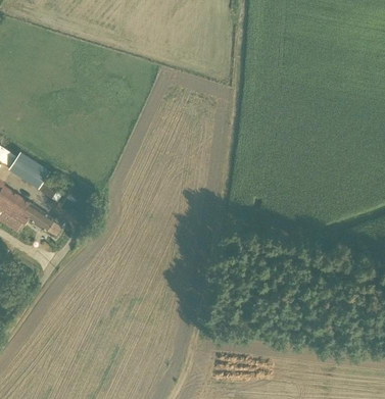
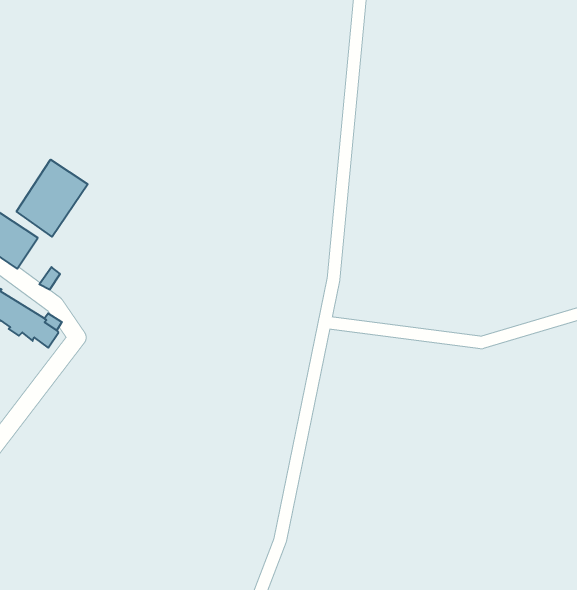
building: none -> [17,160,88,237]

